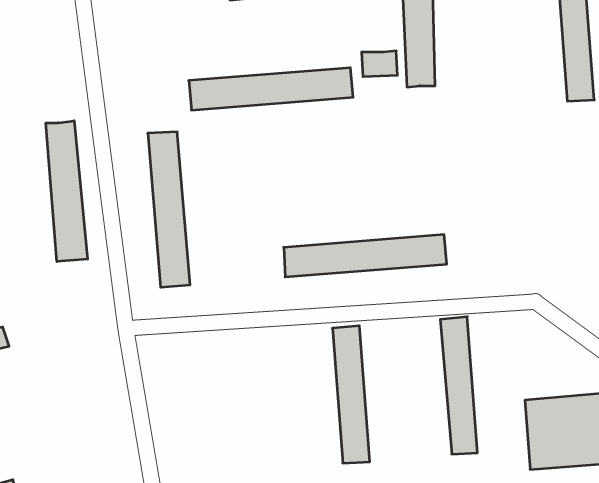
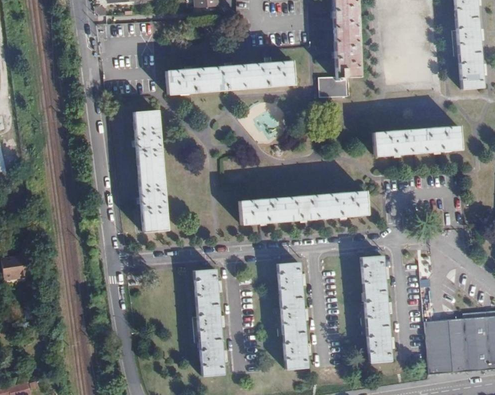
building: [362,51,397,77] -> [319,75,347,95]
building: [46,121,88,262] -> none
building: none -> [374,126,461,155]
building: none -> [194,268,224,377]

